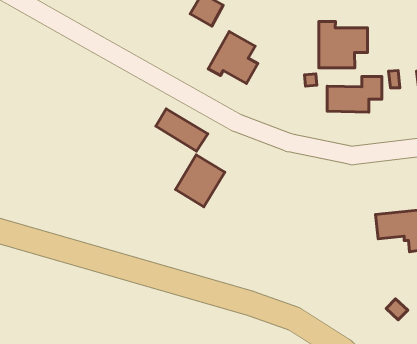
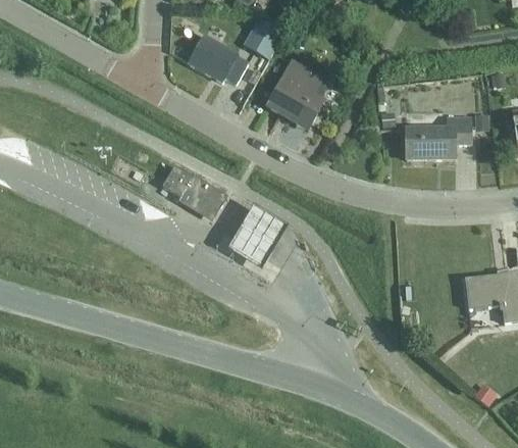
building: none -> [190,37,248,84]
building: [319,21,368,68] -> none
building: [156,109,208,151] -> [162,166,223,216]

